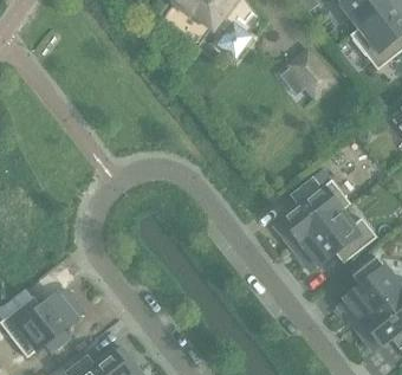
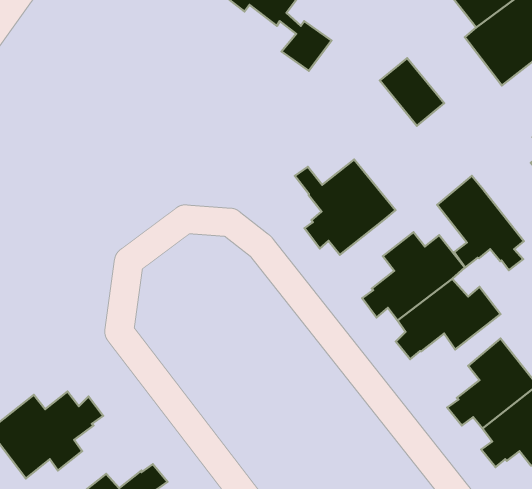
building: none -> [295,159,395,255]
building: none -> [437,176,524,270]

